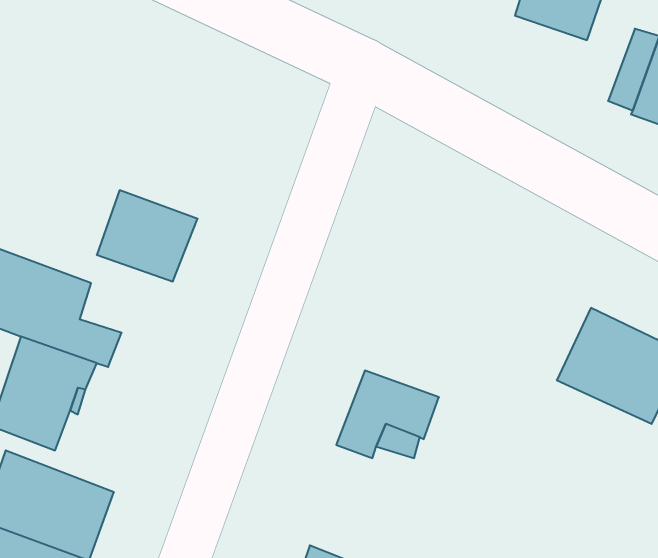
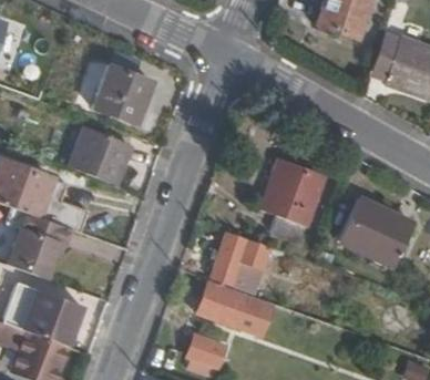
building: none -> [91,63,153,124]
building: none -> [263,158,324,240]
building: none -> [198,284,270,333]

